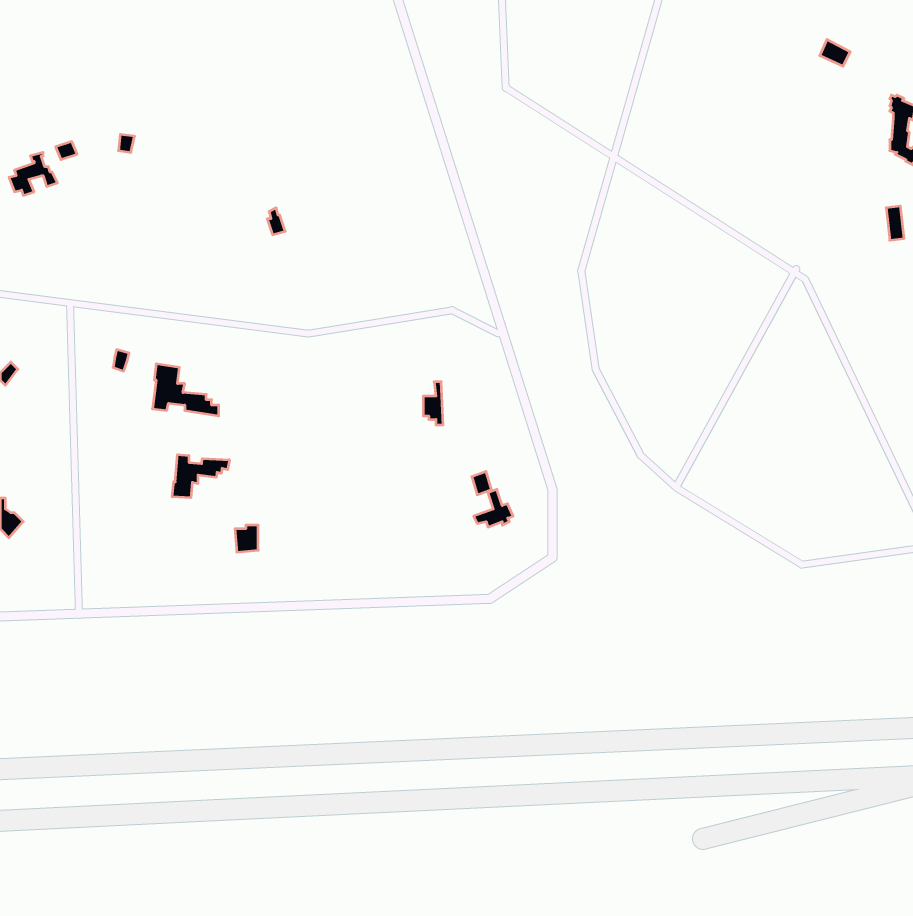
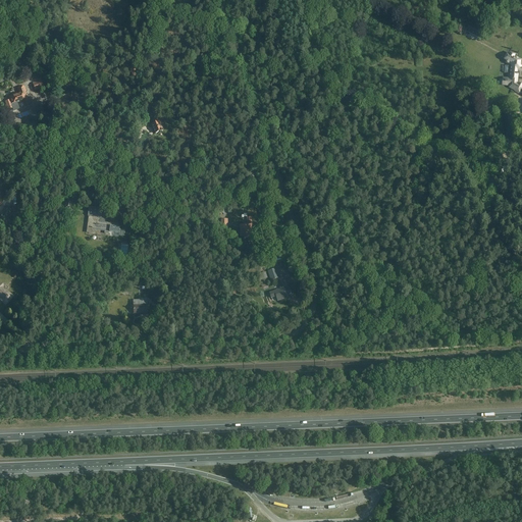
building: [172,455,229,498] -> none

